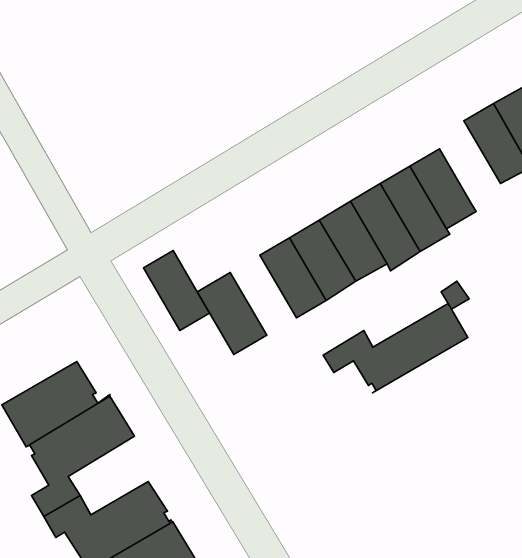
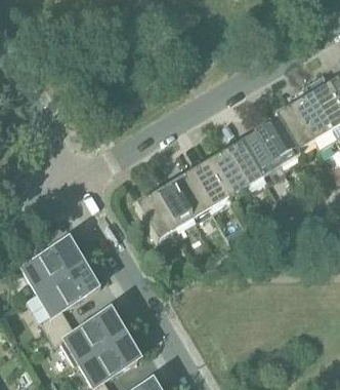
building: none -> [278,98,317,146]
building: [143,250,210,331] -> [159,177,198,224]
building: [323,303,468,393] -> none

